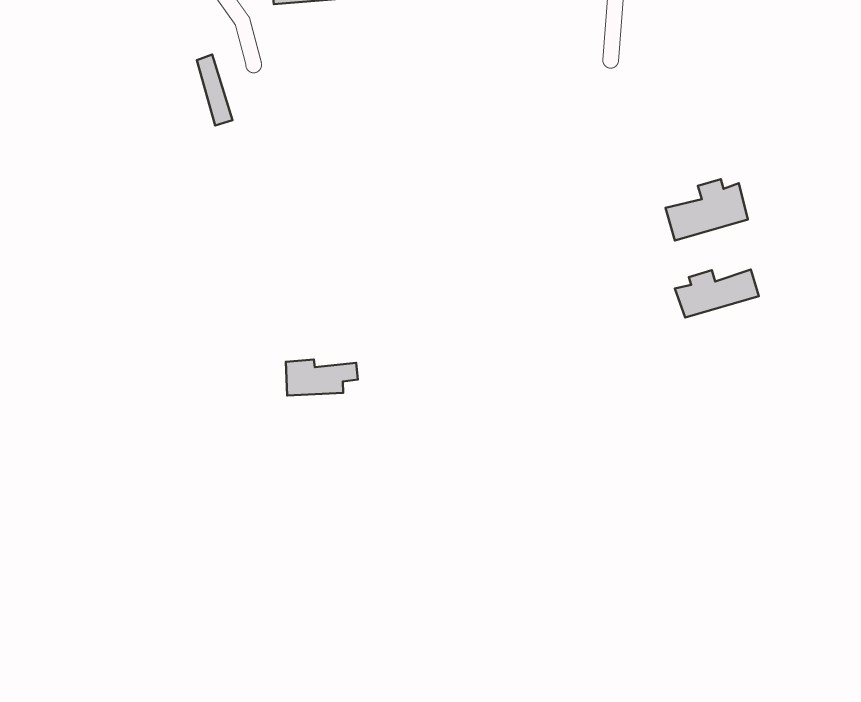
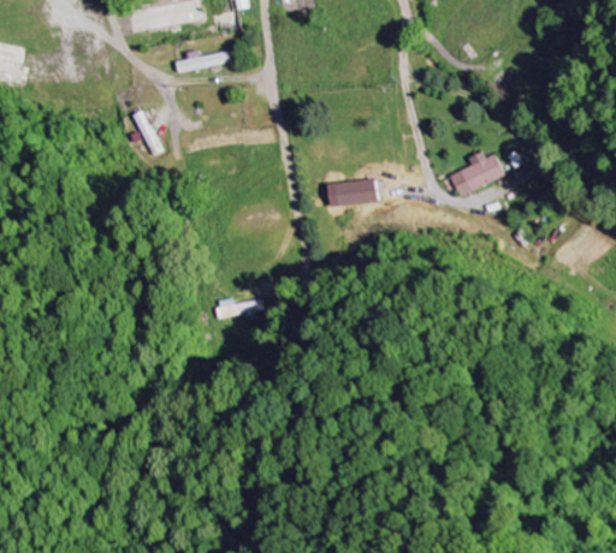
building: none -> [328,179,377,204]
building: [675,270,759,317] -> none

